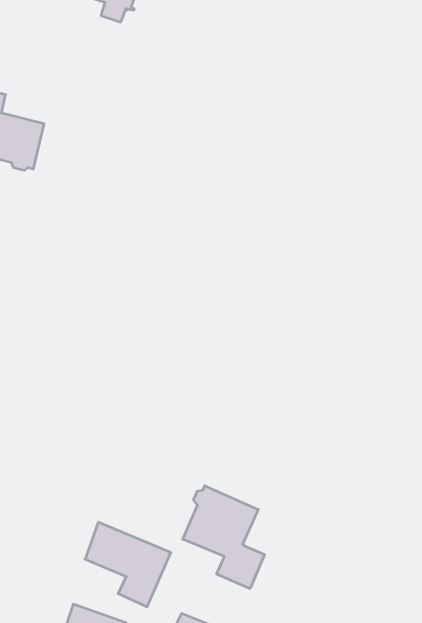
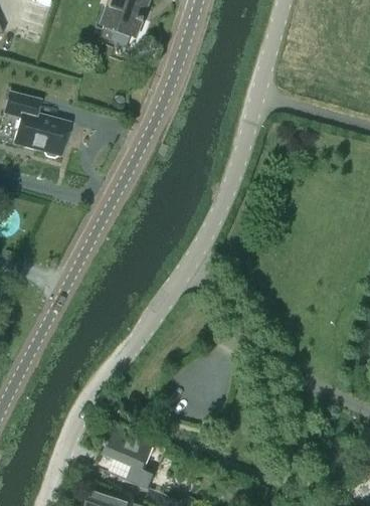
building: [183,486,264,589] -> none

